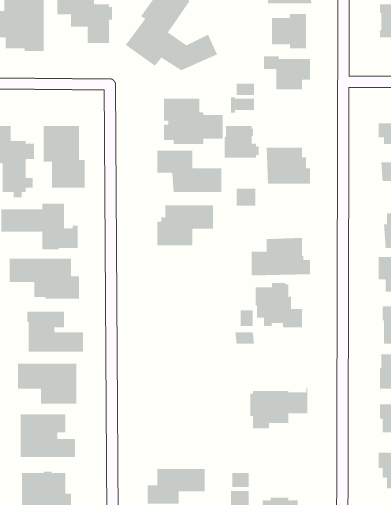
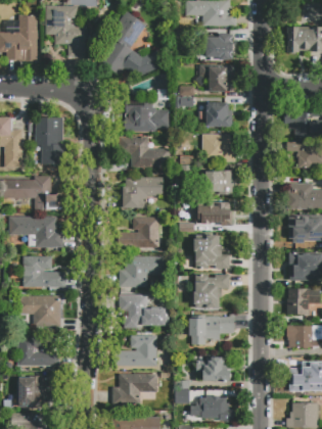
building: [224,125,259,158] -> [205,102,232,127]
building: none -> [203,170,233,195]
building: none -> [118,217,158,247]
building: none -> [119,256,164,287]
building: none -> [193,274,228,307]
building: none -> [119,294,169,328]
building: none -> [120,335,156,367]
building: none -> [196,356,230,381]

